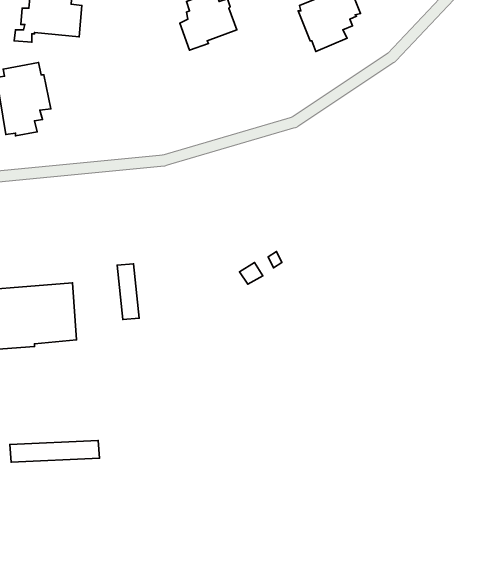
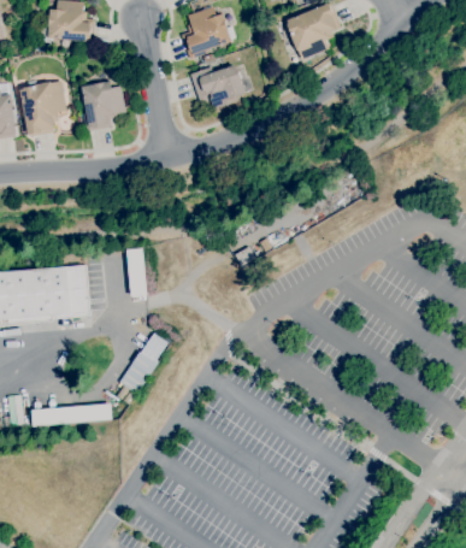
building: none -> [190,65,247,110]
building: none -> [82,82,126,131]
building: none -> [117,332,170,403]

